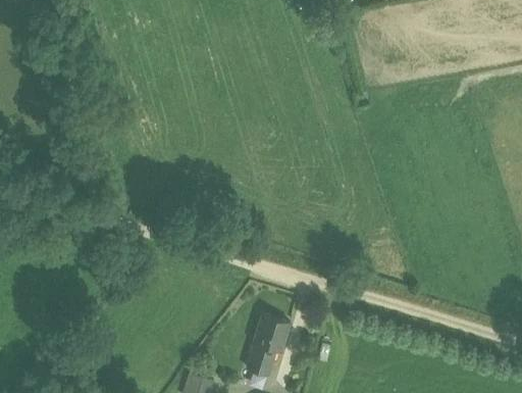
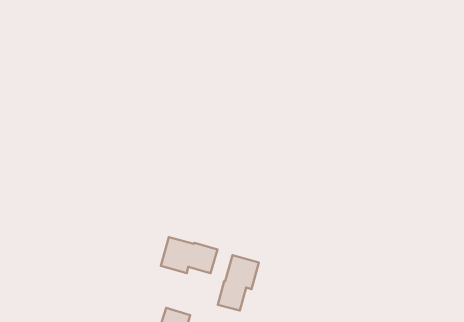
building: none -> [161,237,218,273]

